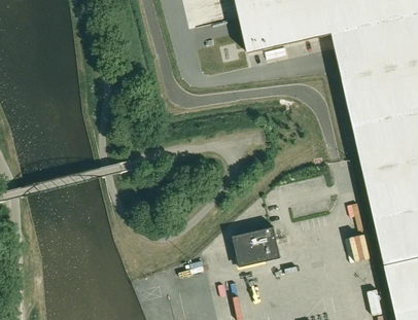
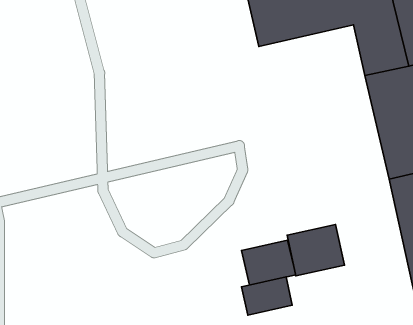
building: none -> [287,224,344,276]
building: none -> [242,277,292,315]

